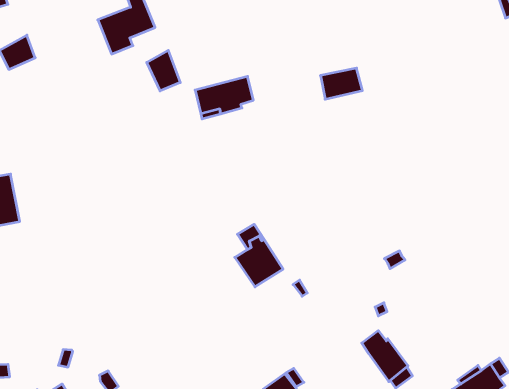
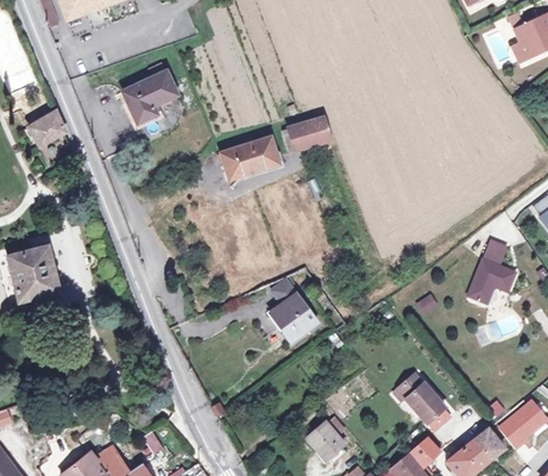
building: [147,50,180,91] -> none
building: [320,68,362,99] -> [290,118,332,150]
building: none -> [467,240,516,303]

